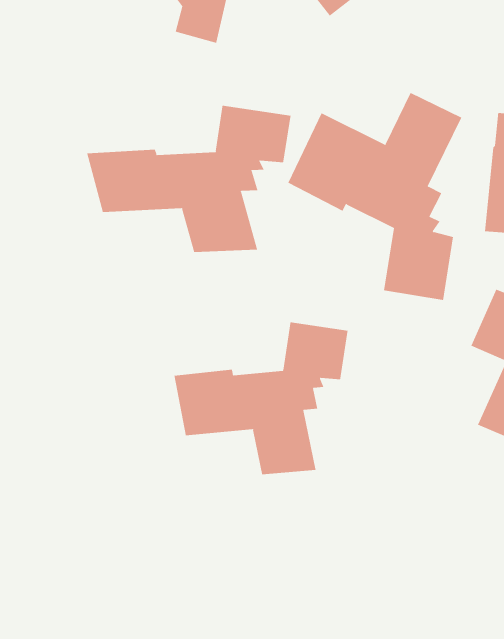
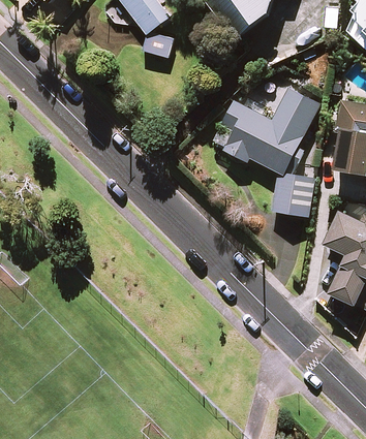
building: [87,105,291,253] -> none
building: [174,321,348,475] -> none

